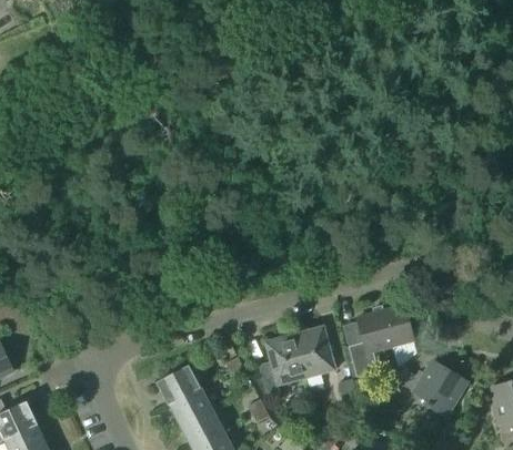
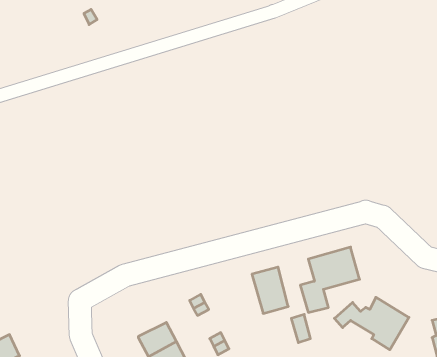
building: [259,334,306,395] -> none
building: [157,365,200,405] -> none

